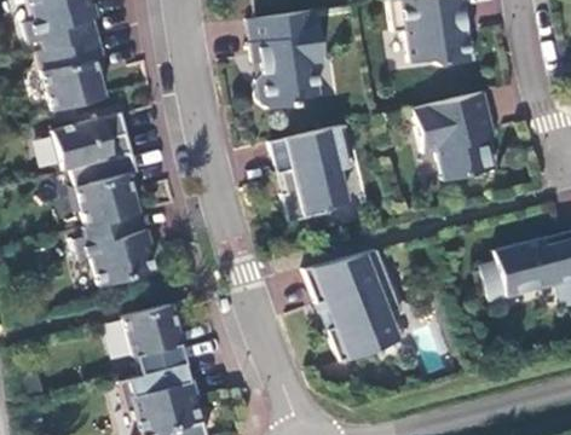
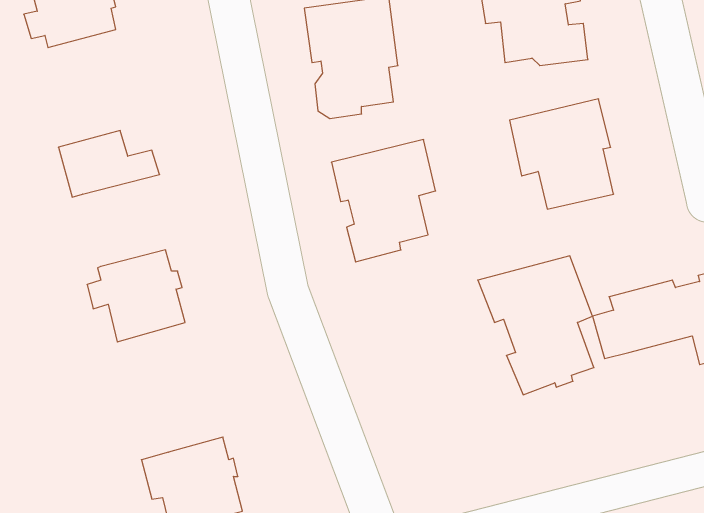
building: [36,36,104,111] -> none
building: [71,152,138,226] -> none
building: [305,250,398,361] -> [478,256,594,395]
building: [122,304,184,375] -> none

